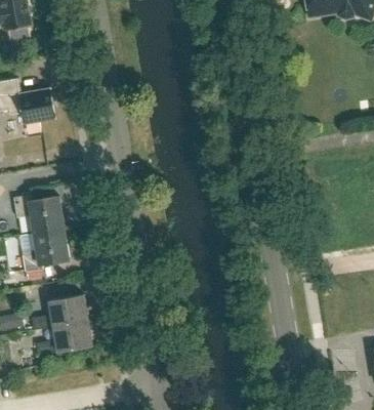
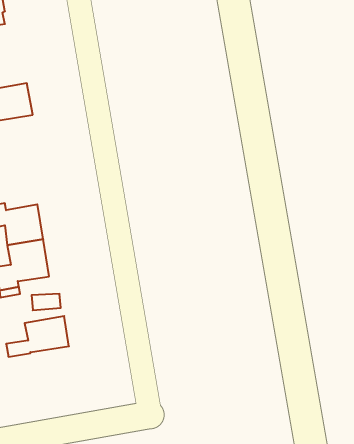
building: [36,320,92,355] -> none

